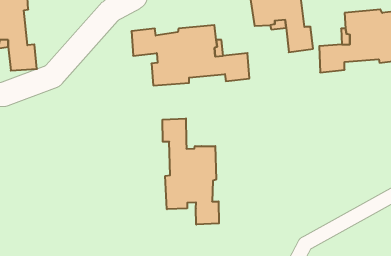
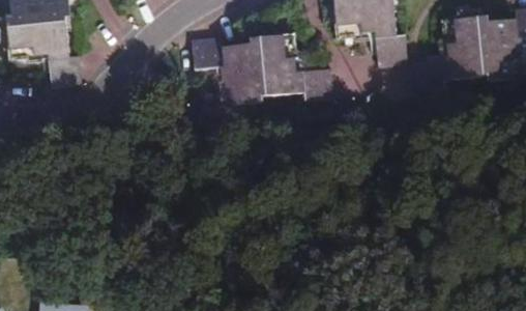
building: [163,118,219,225] -> none

